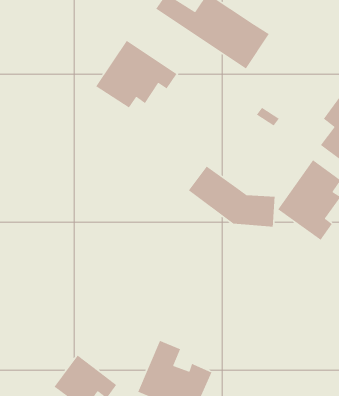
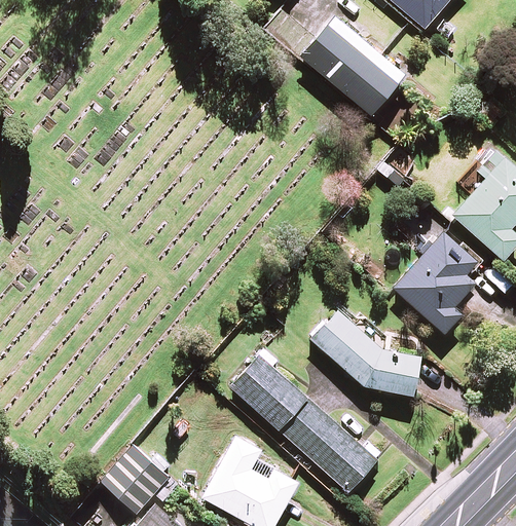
building: [95,40,178,109] -> none
building: [188,165,276,227] -> [311,310,418,393]
building: none -> [229,349,376,492]

